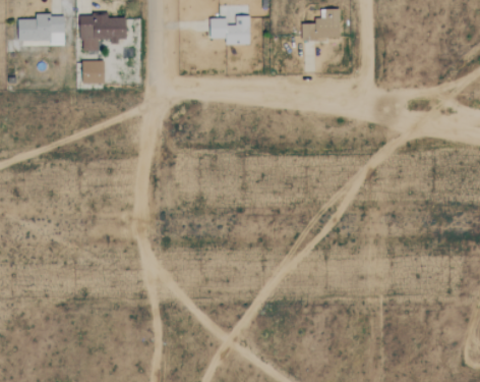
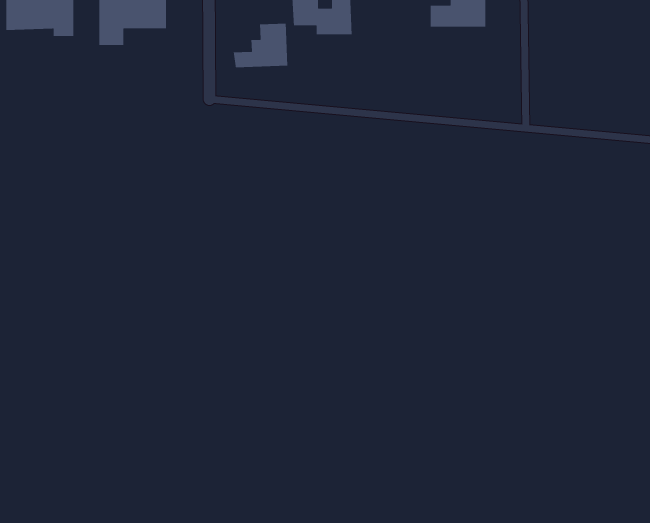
building: none -> [233,23,288,68]
building: [82,60,106,84] -> none

